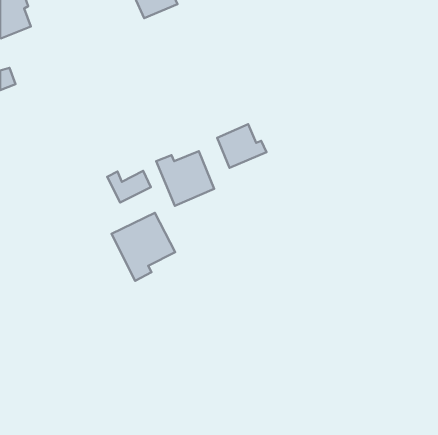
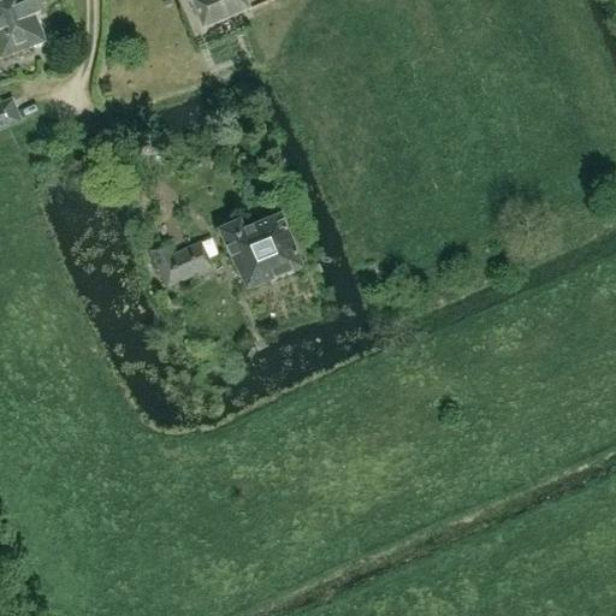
building: [217,124,266,168] -> none
building: [112,213,175,281] -> none

